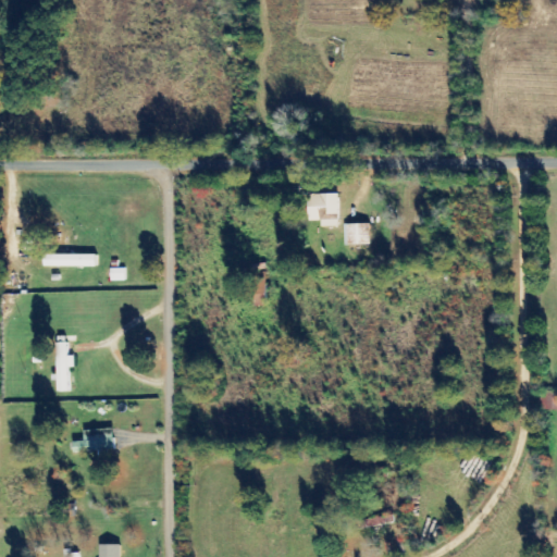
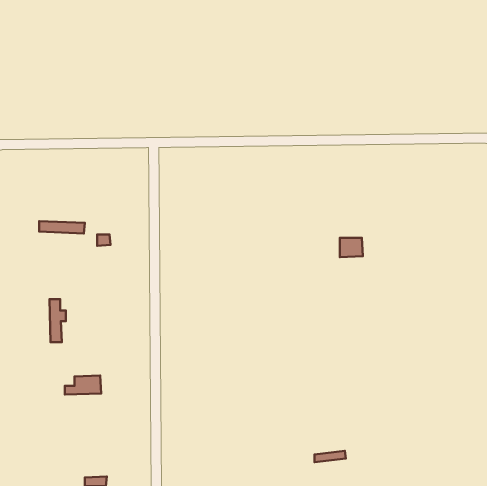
building: [308,194,339,226] -> none
building: [345,223,371,245] -> [340,238,363,257]

